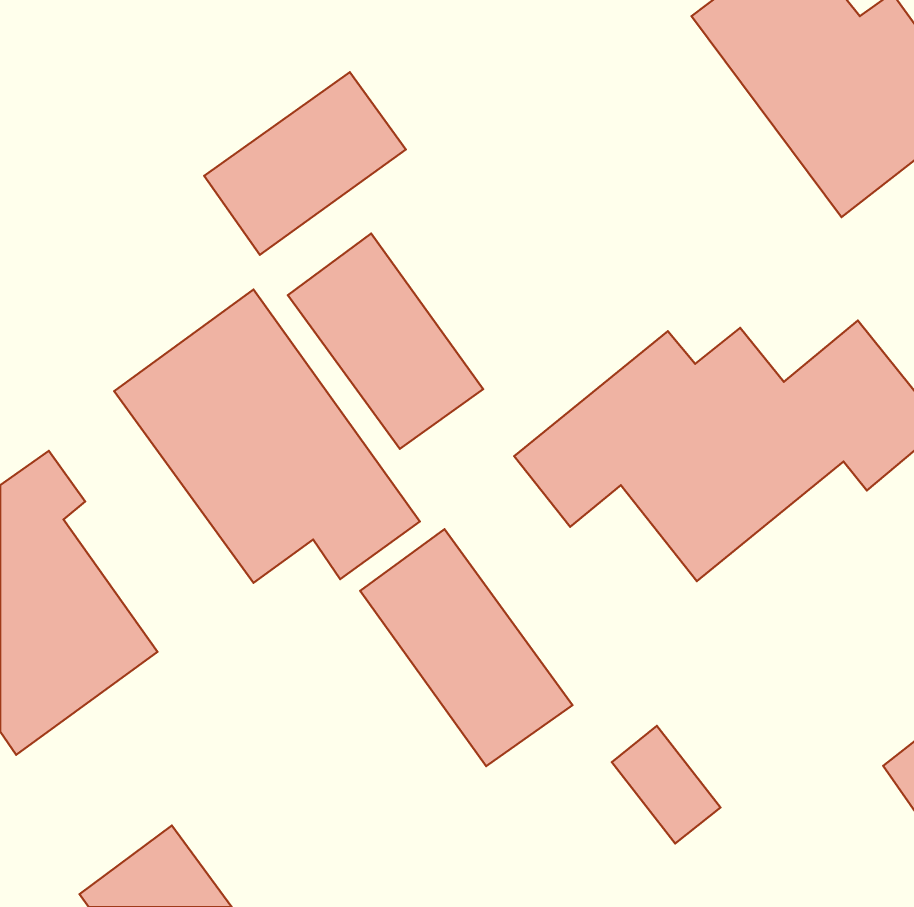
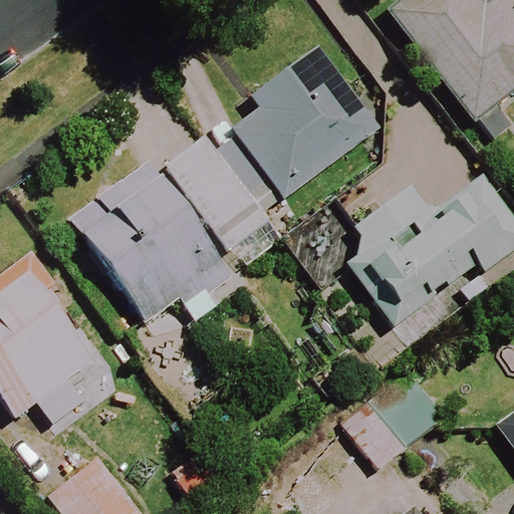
building: [204,72,406,255] -> none
building: none -> [234,47,377,198]
building: [360,529,572,766] -> none

